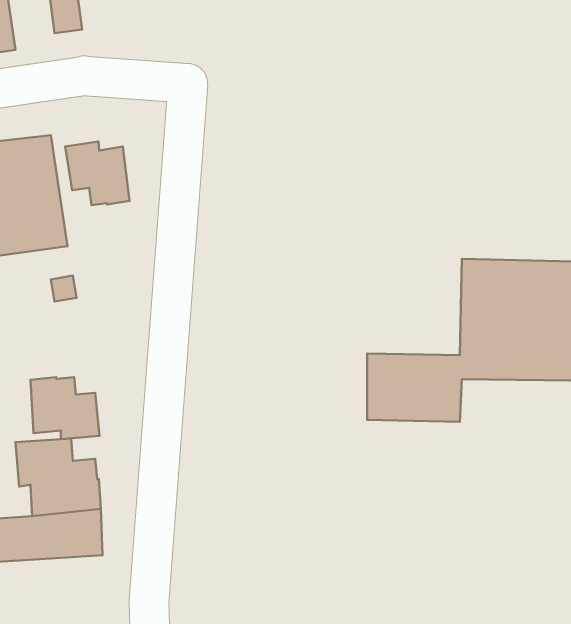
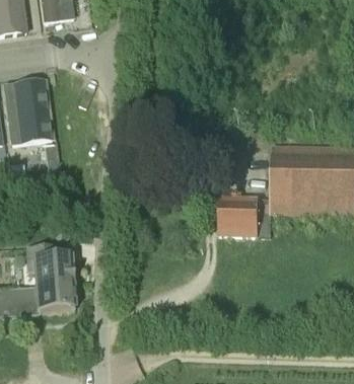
building: [65,142,129,205] -> none
building: [30,377,100,439] -> none

